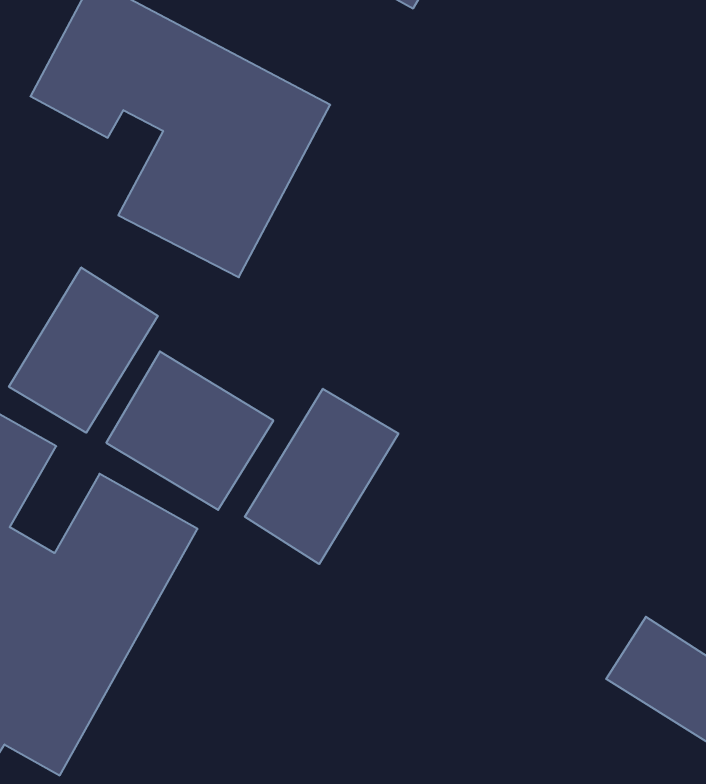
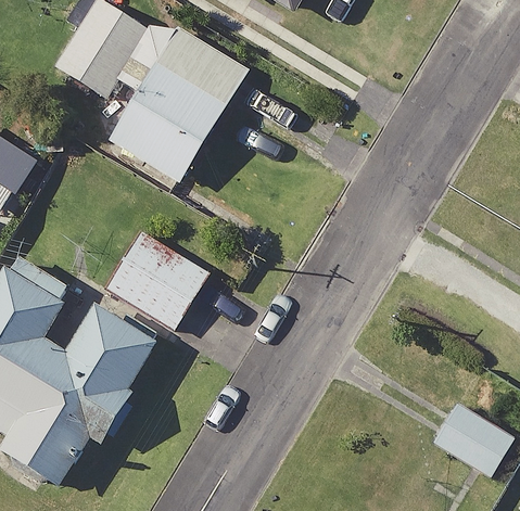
building: [9,267,158,433] -> none
building: [245,389,398,564] -> none

